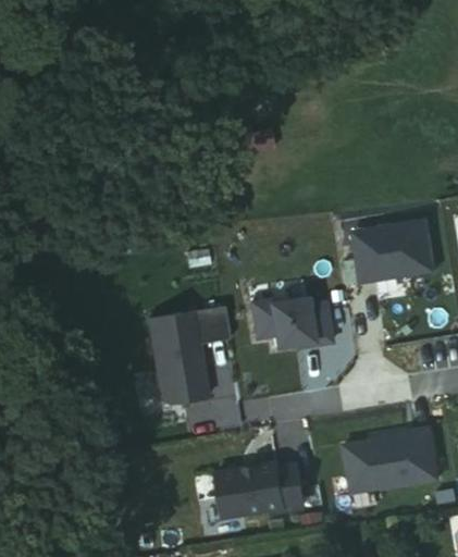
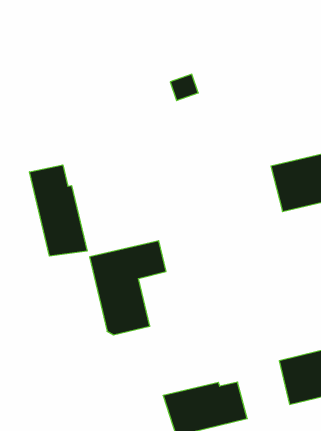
building: none -> [30,165,87,256]
building: [249,298,330,348] -> none

